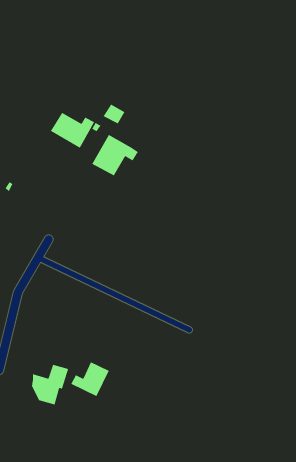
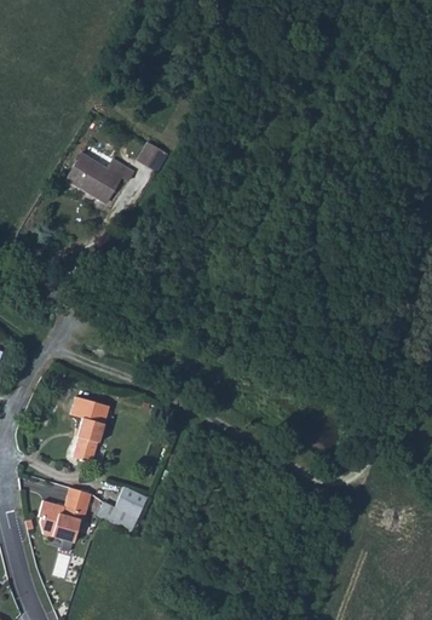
building: [91,134,139,177] -> none
building: none -> [74,411,105,461]

